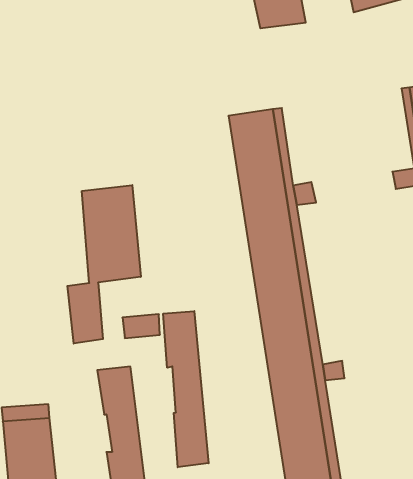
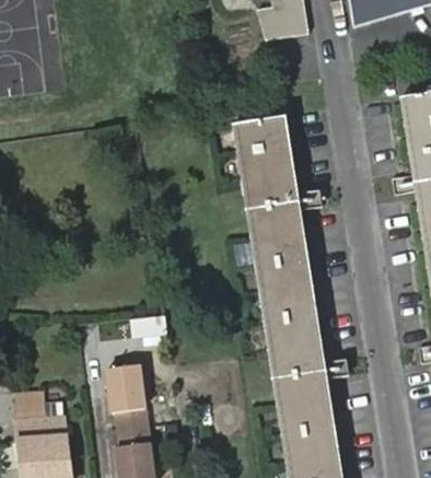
building: [67,185,141,344] -> none
building: [163,311,209,467] -> none

